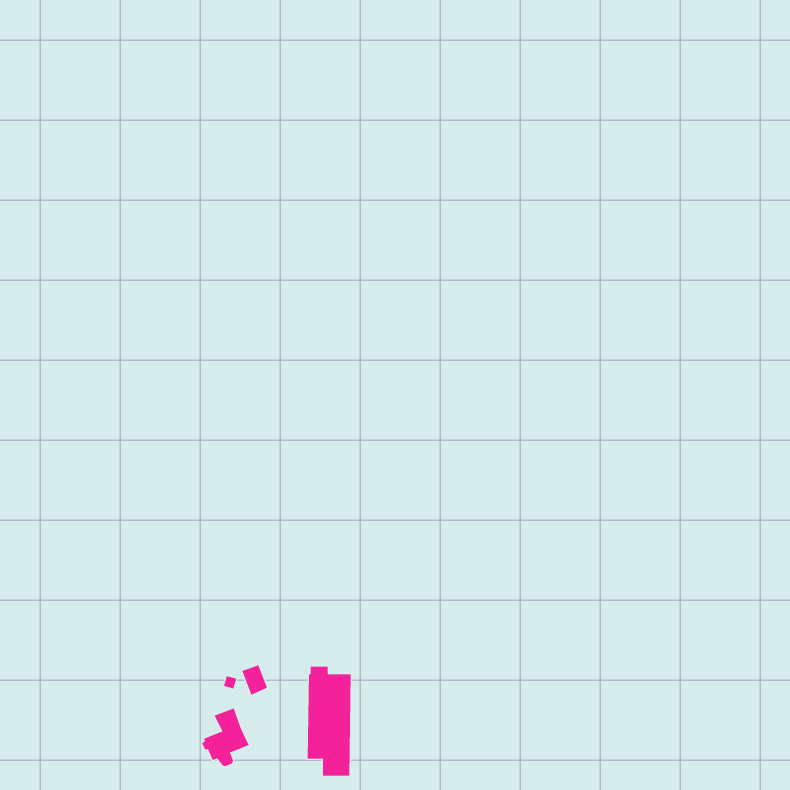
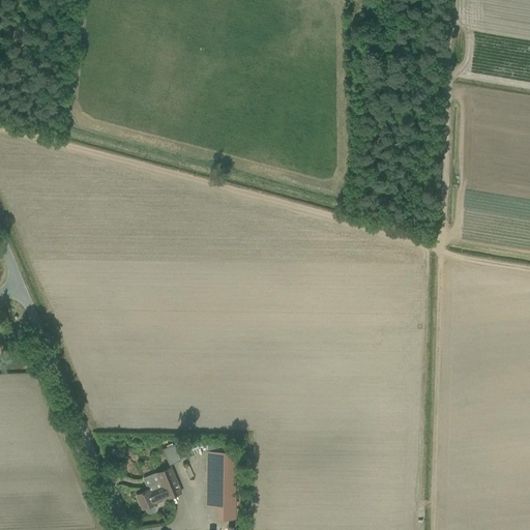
building: none -> [157,468,182,499]

